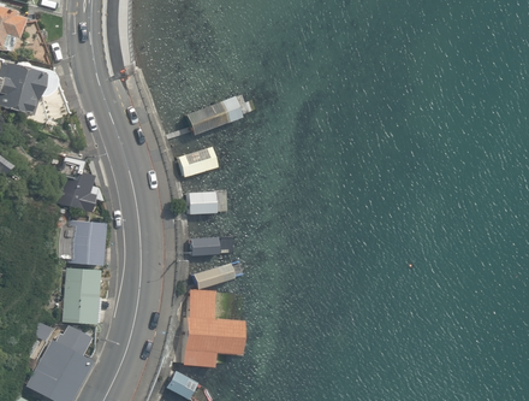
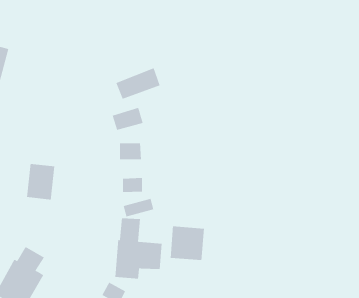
building: [57,172,99,212] -> none
building: [63,269,99,325] -> none
building: none -> [170,226,204,261]

